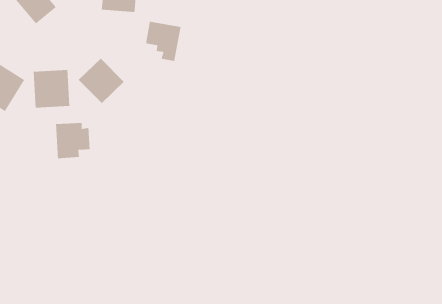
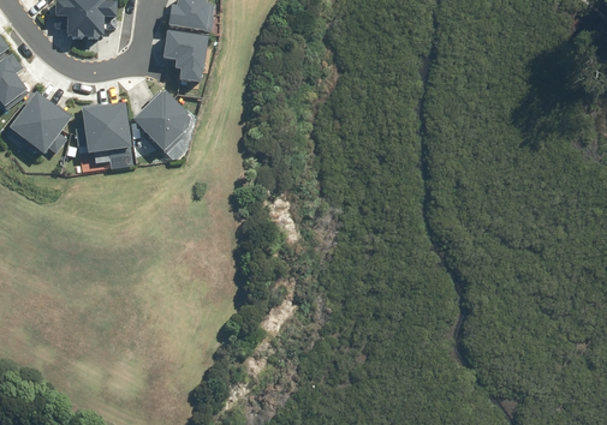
building: [145,21,181,62] -> [161,30,207,82]
building: [55,122,90,159] -> none

